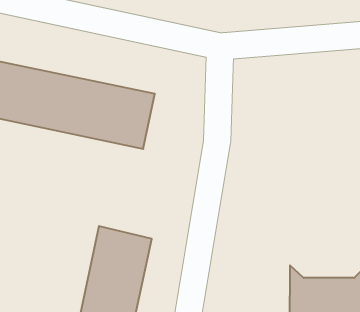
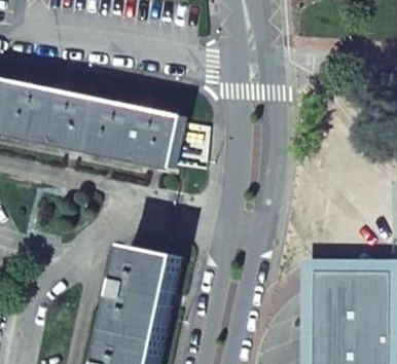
building: none -> [320,274,369,294]

